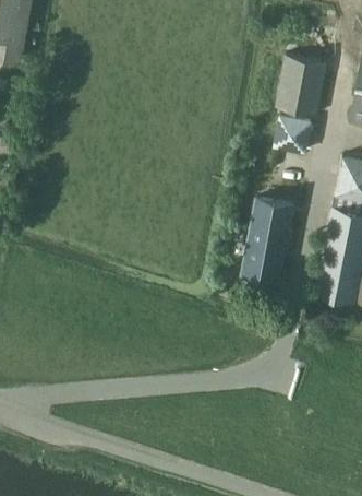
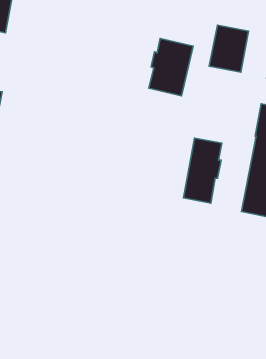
building: none -> [149,39,193,96]
building: [274,111,314,151] -> none

